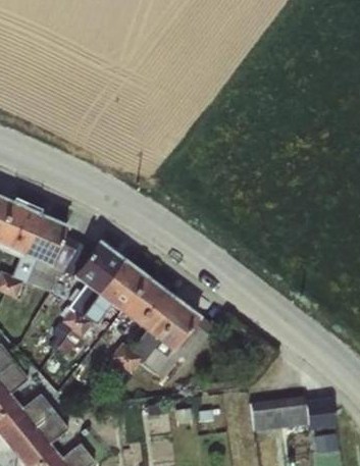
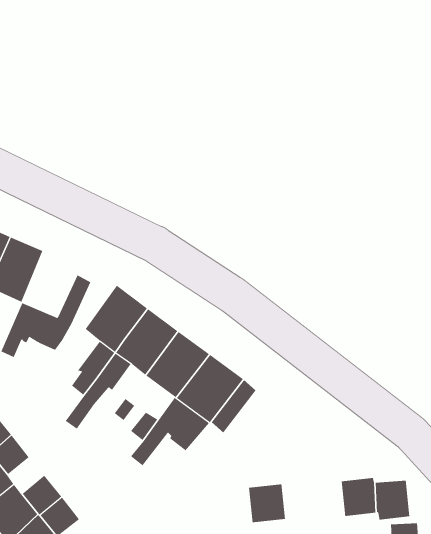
building: [22,212,70,266] -> none
building: [253,399,284,430] -> [248,484,286,523]

